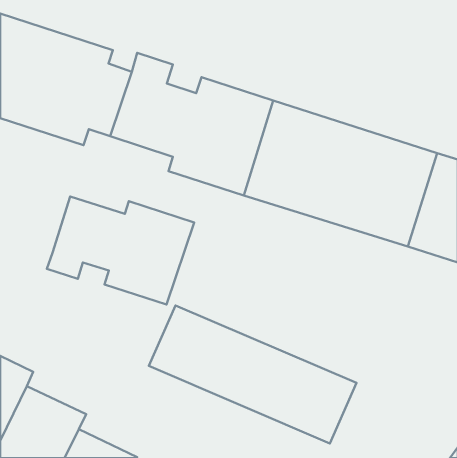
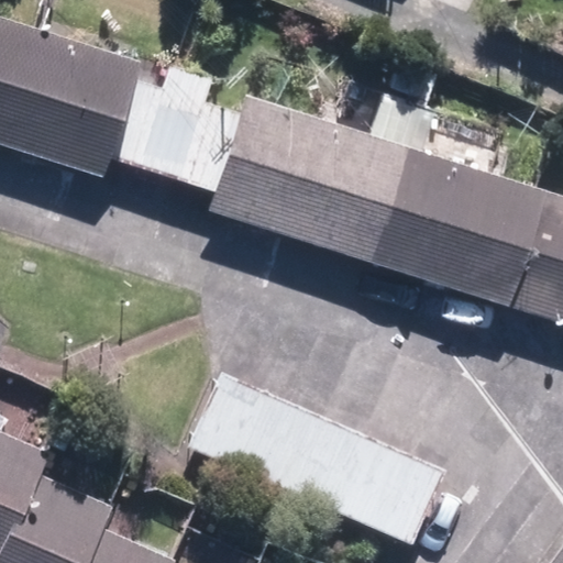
building: [47,196,194,305] -> none

